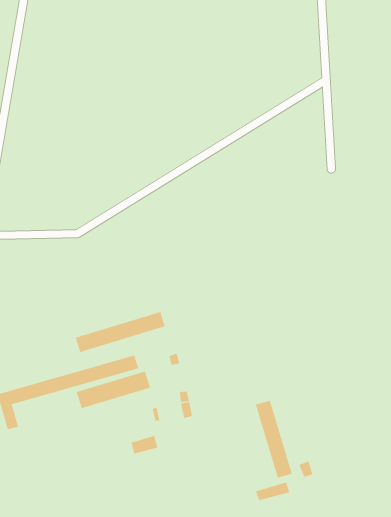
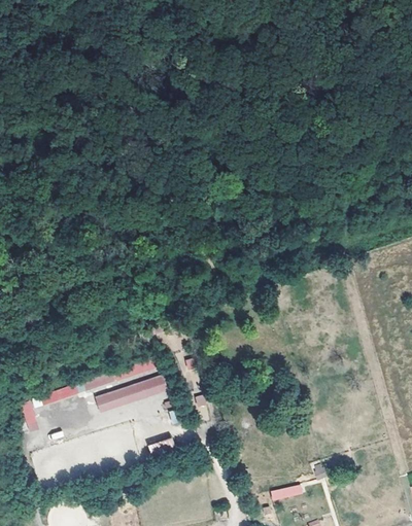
building: [75,311,165,353] -> none
building: [255,400,292,479] -> none

